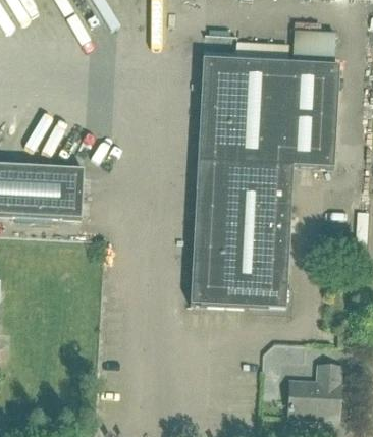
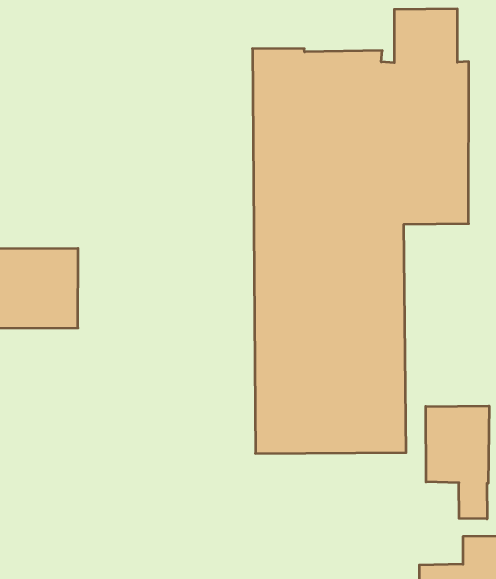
building: none -> [426,406,489,519]

